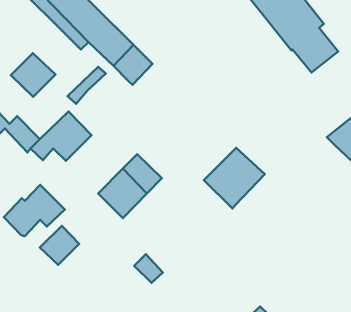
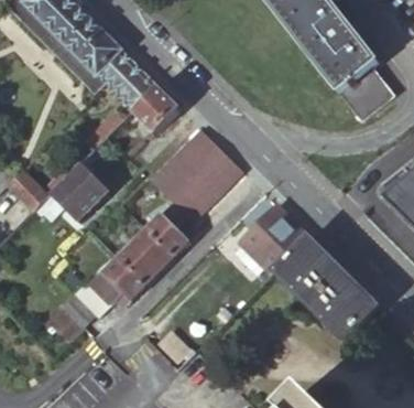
building: [11,53,55,97] -> none
building: none -> [149,127,240,219]
building: none -> [273,235,378,339]
building: [4,185,65,236] -> [73,257,143,316]

